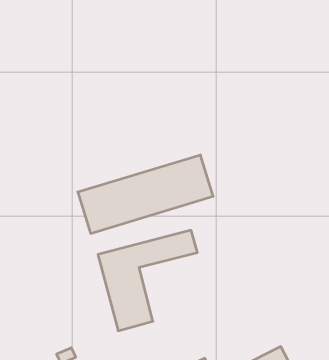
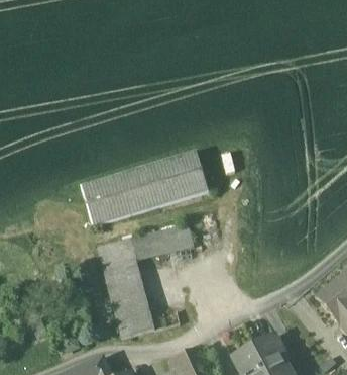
building: none -> [117,310,155,338]

